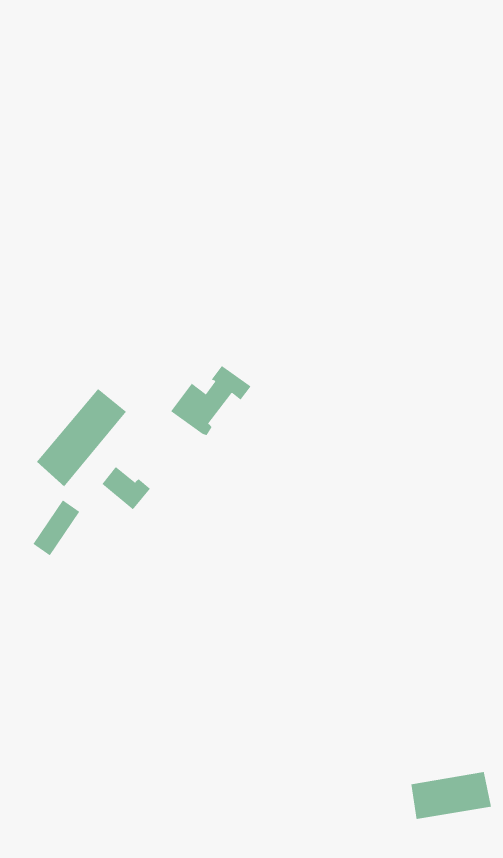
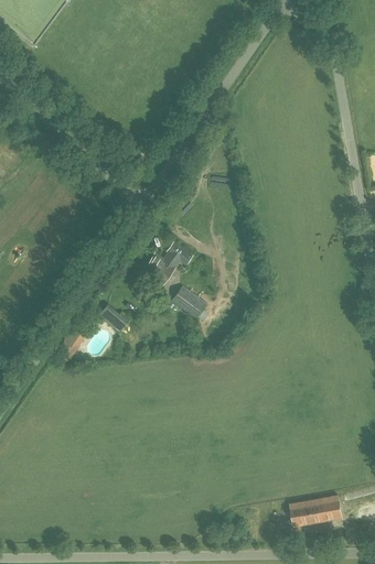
building: [36,388,127,487] -> none
building: none -> [171,286,206,318]

